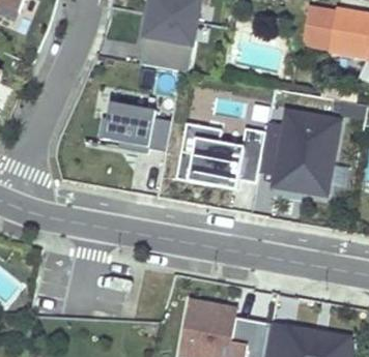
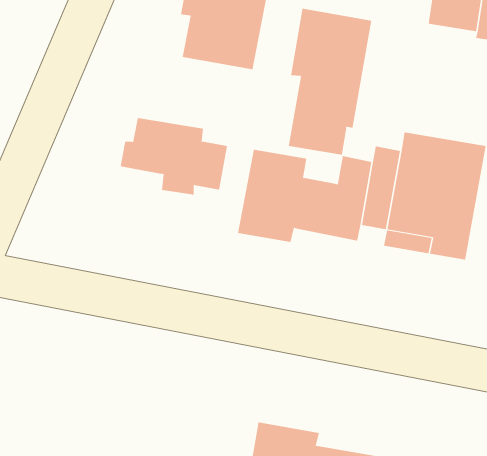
building: none -> [288,8,372,155]

